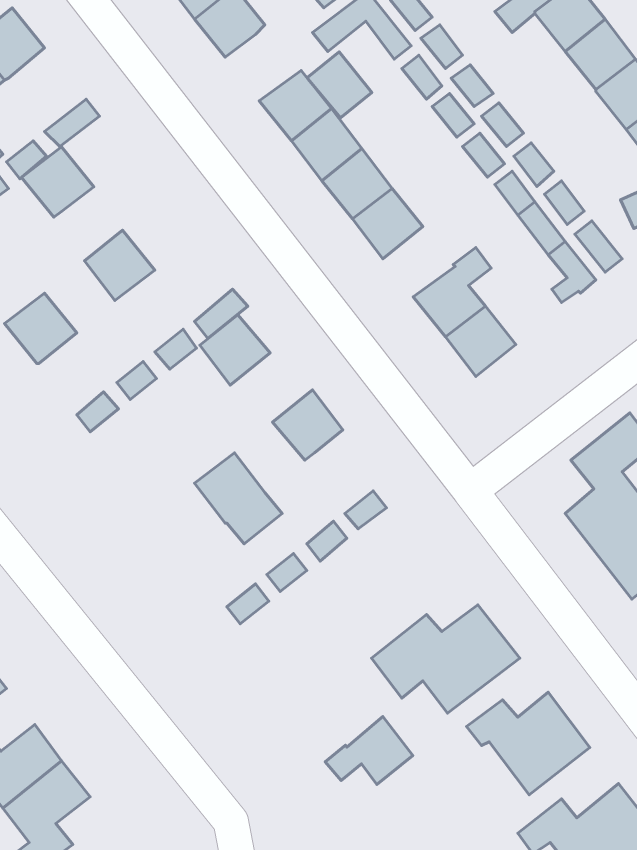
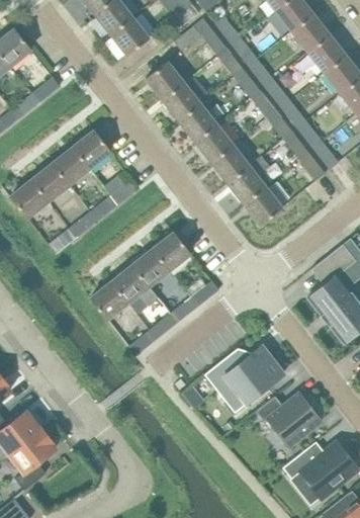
building: [308,52,372,118] -> none
building: [22,147,94,217] -> [73,131,111,168]
building: none -> [211,145,250,182]
building: none -> [31,163,69,201]
building: [200,315,270,385] -> [132,249,170,286]
building: none -> [90,281,127,320]
building: [325,716,413,785] -> none

